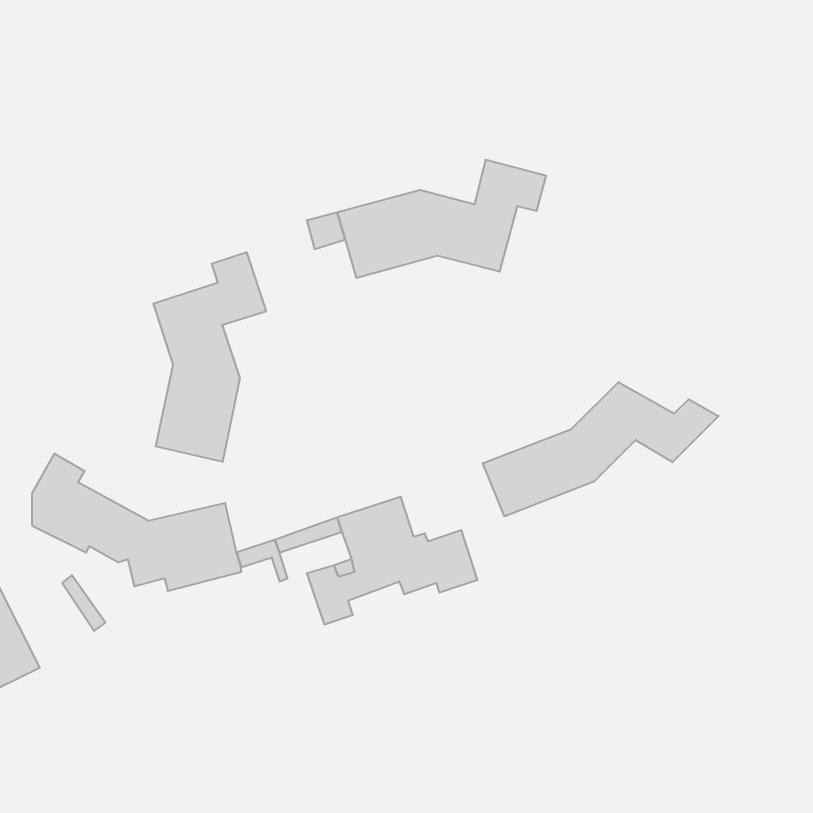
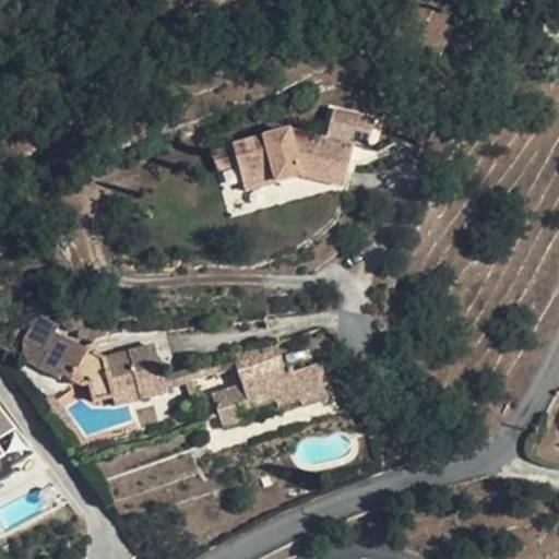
building: [153,252,266,462] -> none
building: [483,382,719,516] -> none

